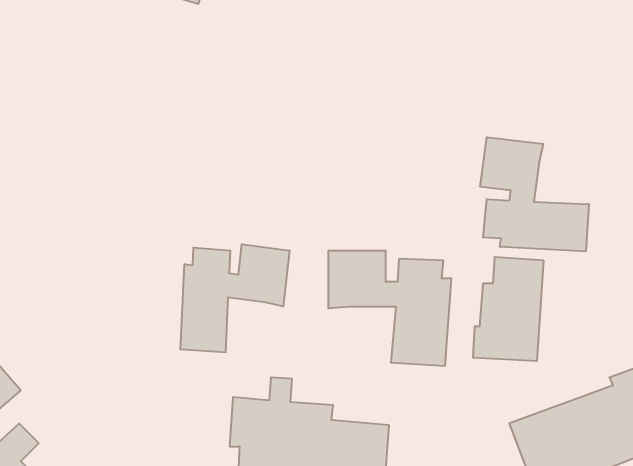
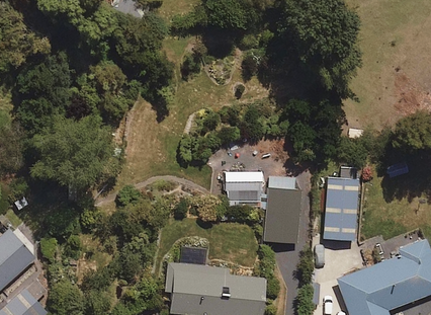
building: [480,137,589,251] -> none
building: [180,244,289,352] -> none

